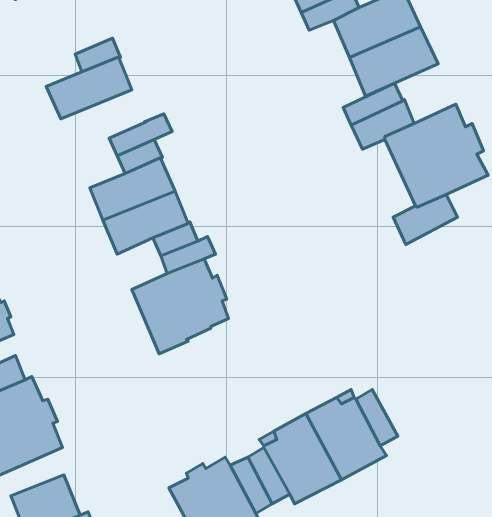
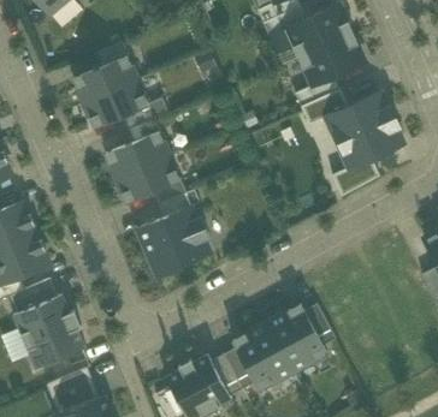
building: none -> [84,81,148,127]

